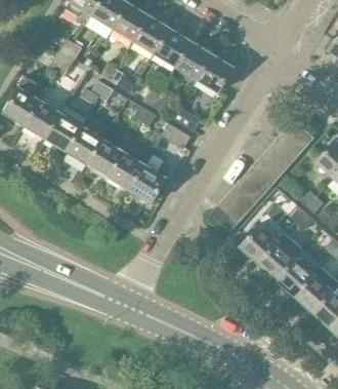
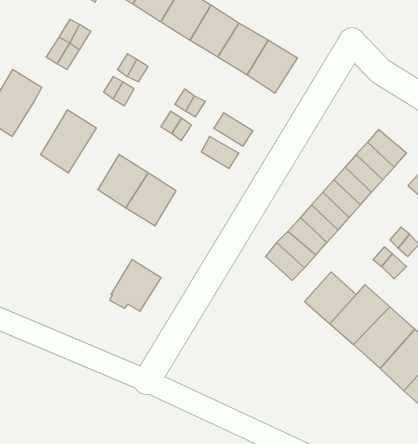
building: [25,101,60,139] -> none
building: [66,115,109,164] -> none
building: [128,165,166,203] -> [110,260,161,311]

